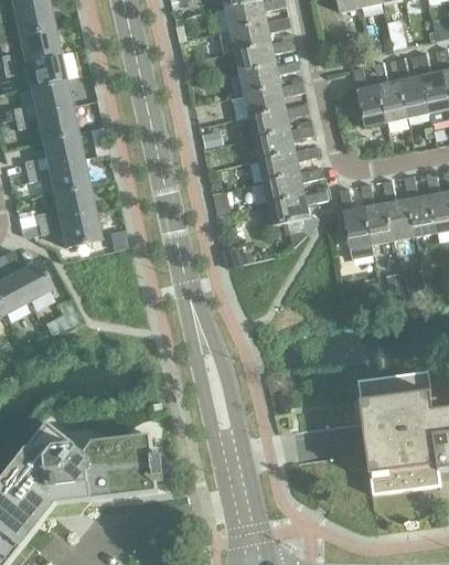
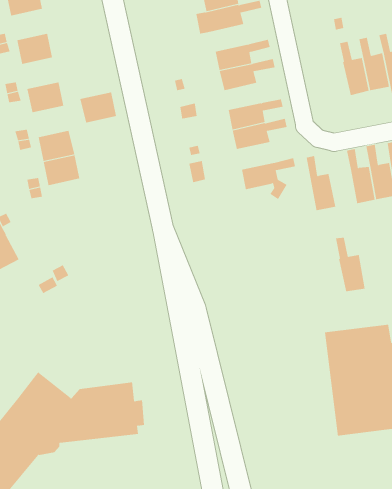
building: [18,25,58,60] -> none
building: [235,38,297,72] -> none
building: [353,66,388,125] -> none
building: [30,78,71,113] -> none
building: [250,102,311,136] -> none
building: [41,131,82,166] -> [79,92,117,123]
building: [264,167,324,201] -> none
building: [362,182,395,242] -> [335,237,366,292]
building: [58,211,99,245] -> none
building: [13,259,52,299] -> none

